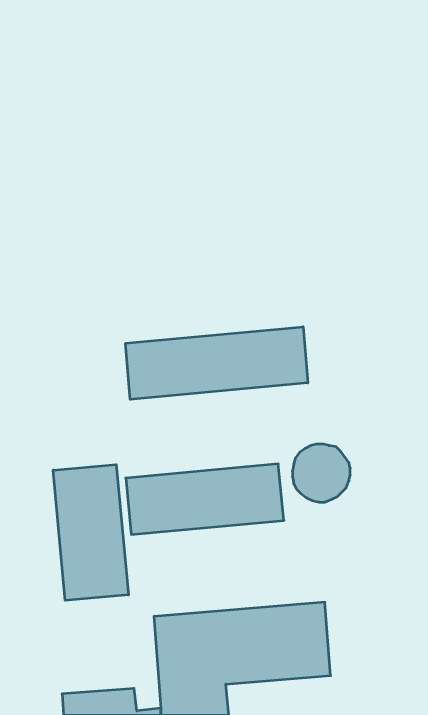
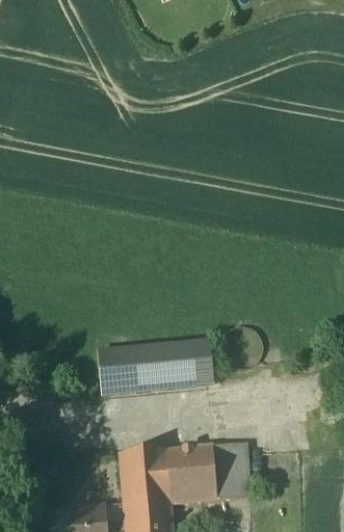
building: [126,327,308,399] -> none
building: [53,465,128,600] -> none

